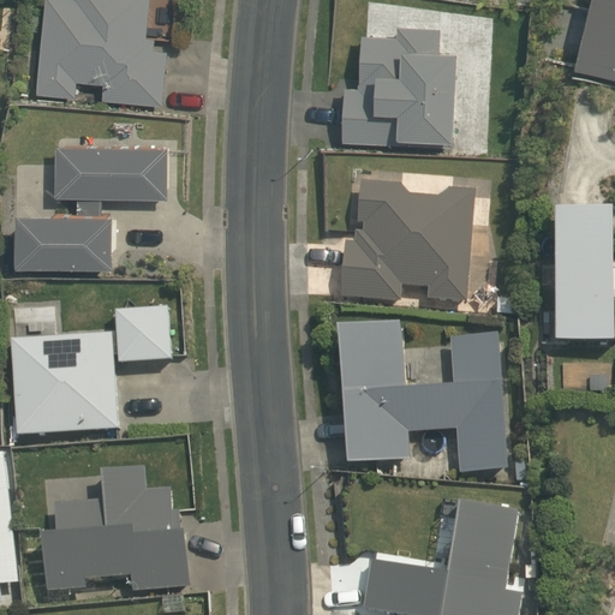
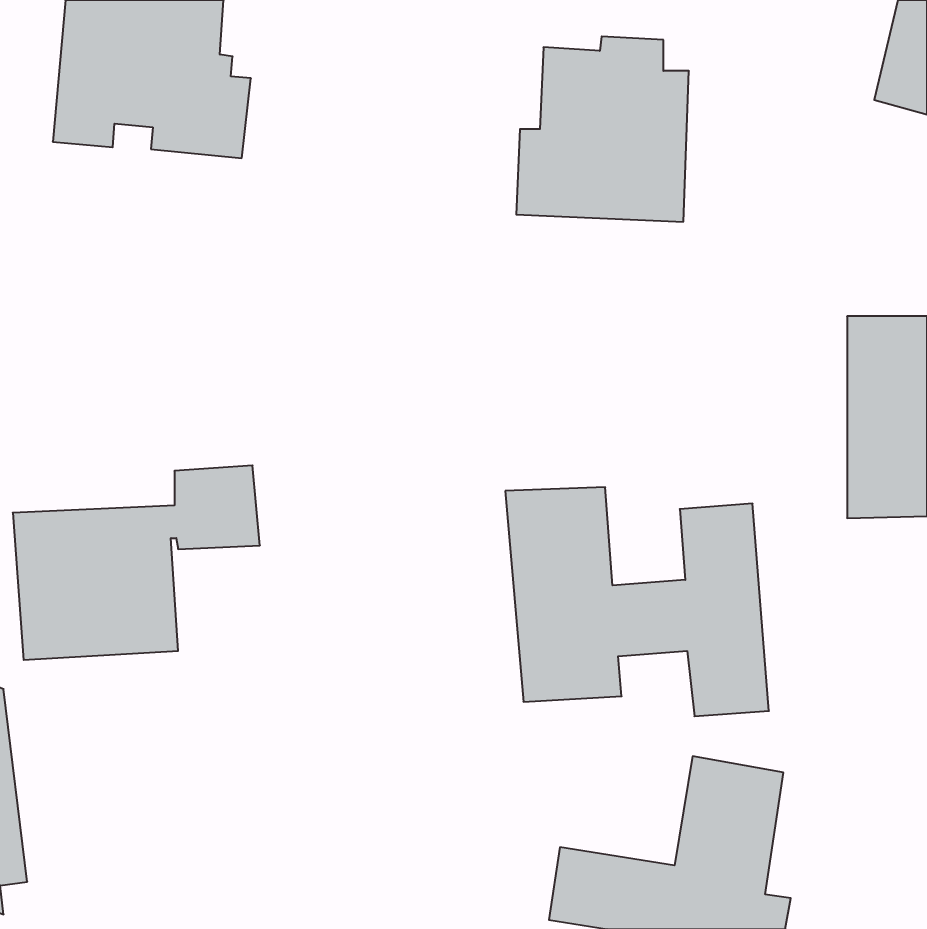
building: [13,141,168,264] -> none
building: [342,181,474,303] -> none
building: [40,467,190,591] -> none

